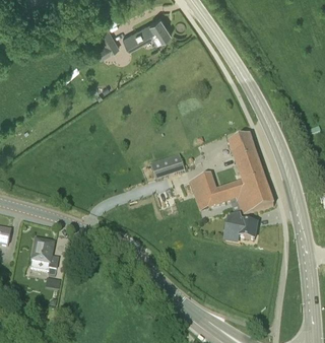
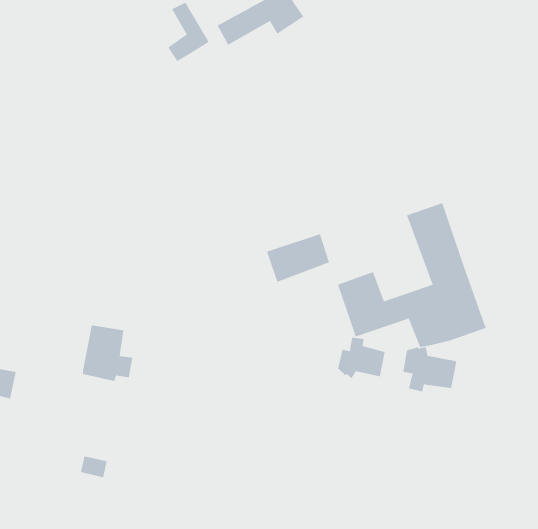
building: none -> [337,337,385,379]
building: [30,238,59,270] -> [82,325,133,381]

